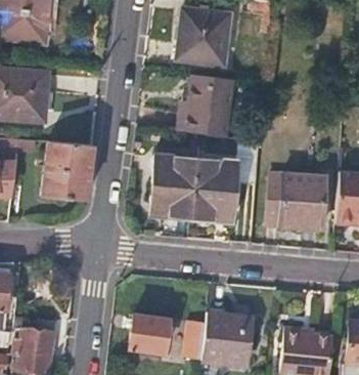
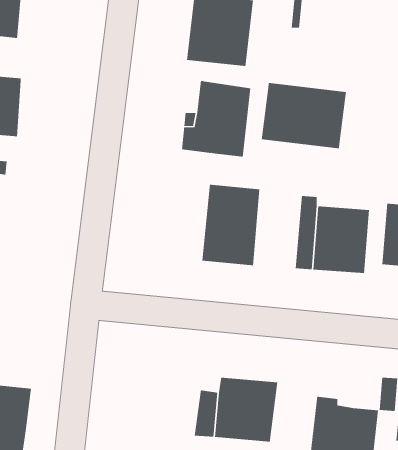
building: none -> [261,82,346,149]
building: [42,140,93,201] -> none
building: [149,154,197,219] -> none
building: [132,315,170,353] -> none

